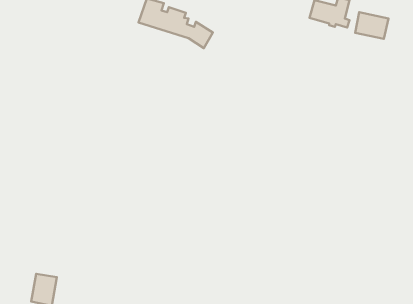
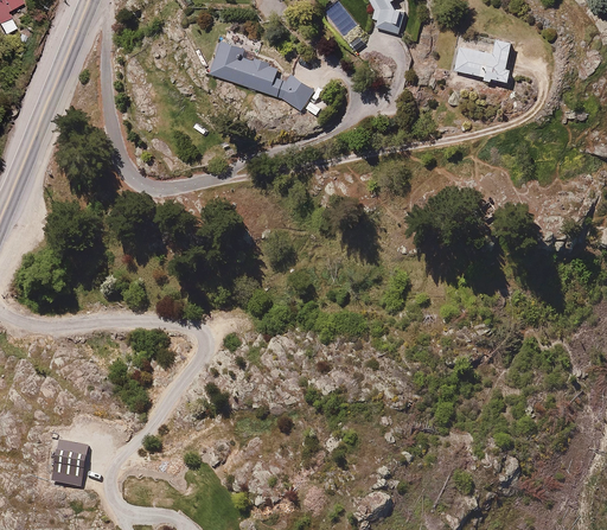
building: [355,12,389,39] -> none

